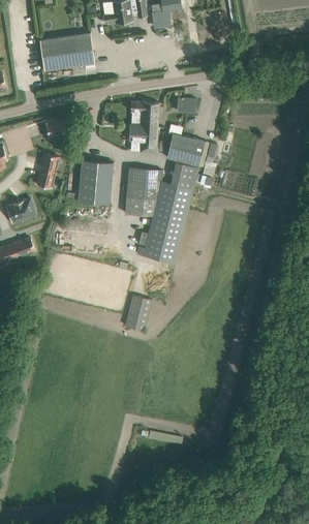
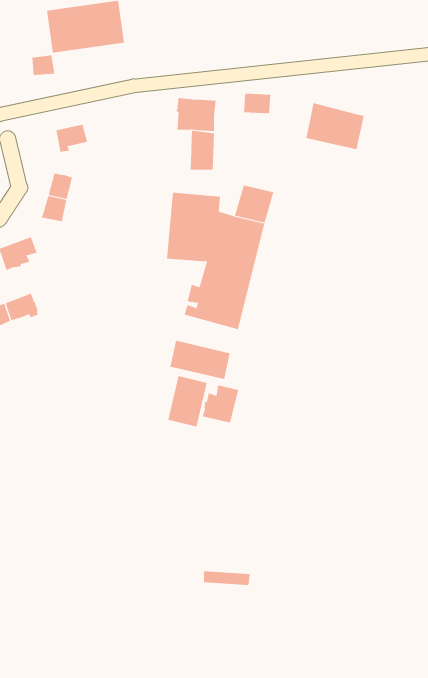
building: [166,132,208,165] -> [305,103,365,150]
building: [79,162,114,202] -> none
building: none -> [170,340,230,380]
building: none -> [200,385,239,424]

